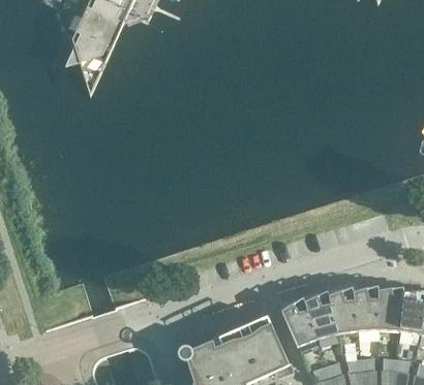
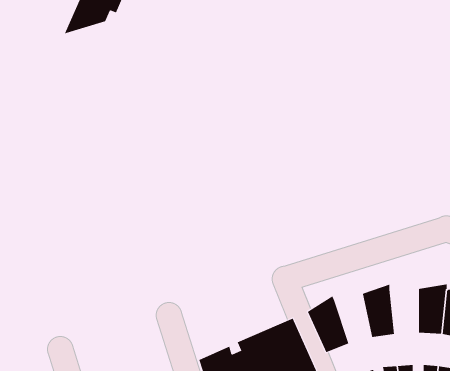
building: [354,286,380,331] -> none
building: [305,291,337,340] -> none

